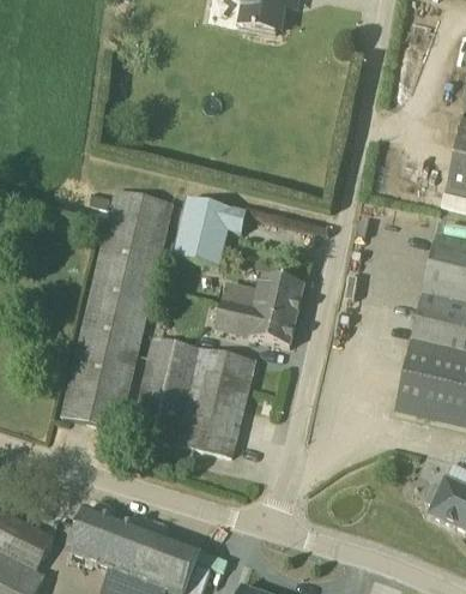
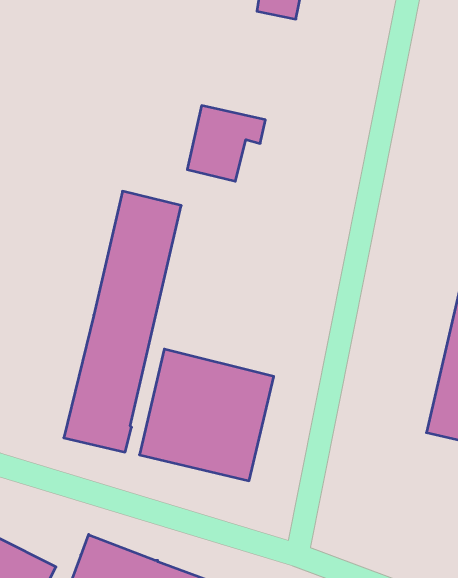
building: [175,197,247,266] -> [187,106,265,181]
building: [218,272,304,344] -> none

